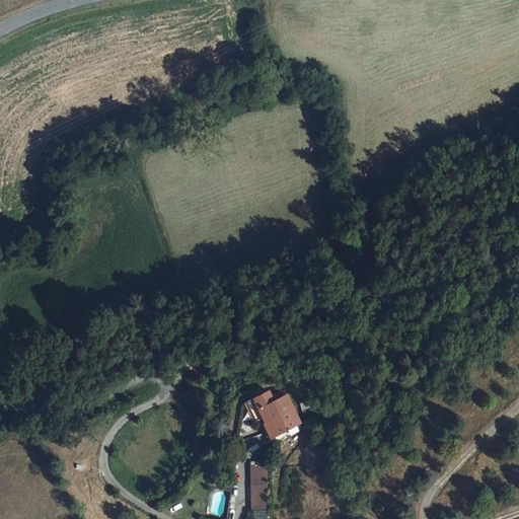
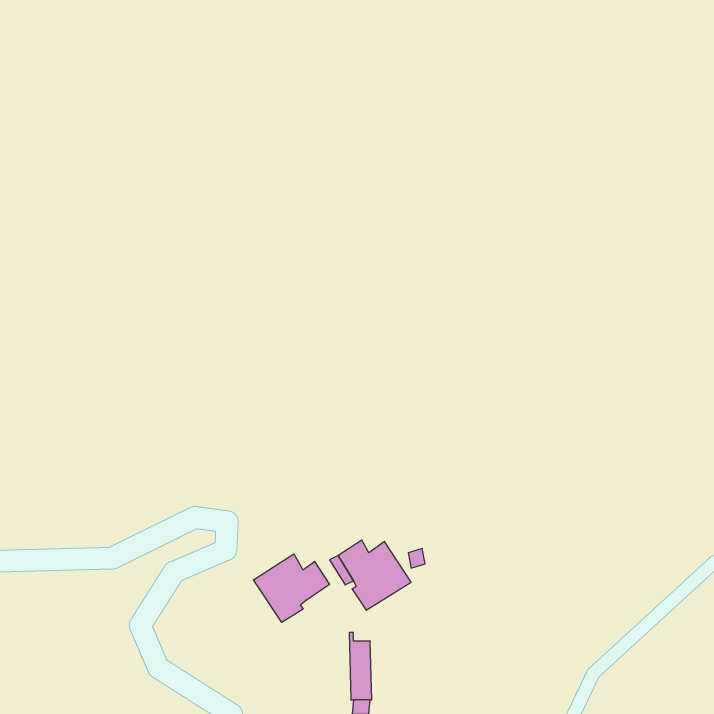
building: none -> [253,554,329,622]

